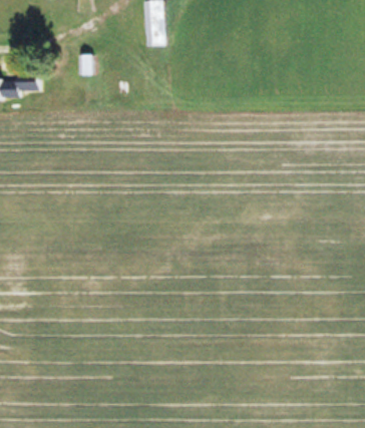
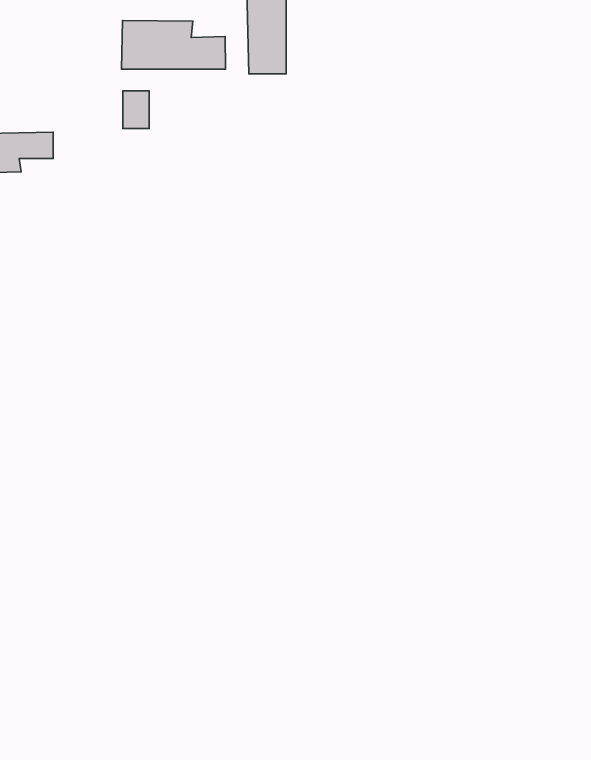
building: none -> [121,20,226,69]

